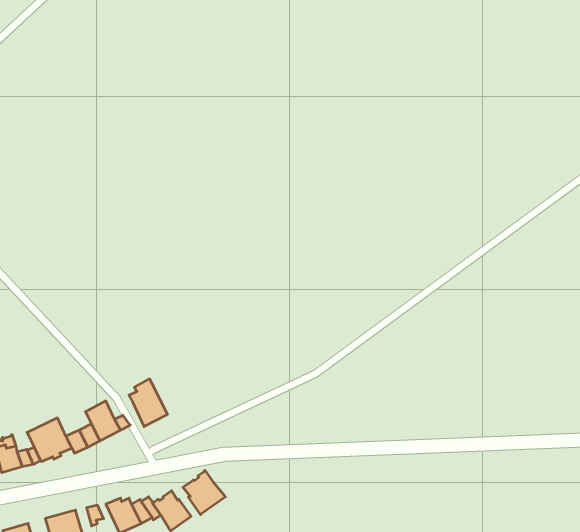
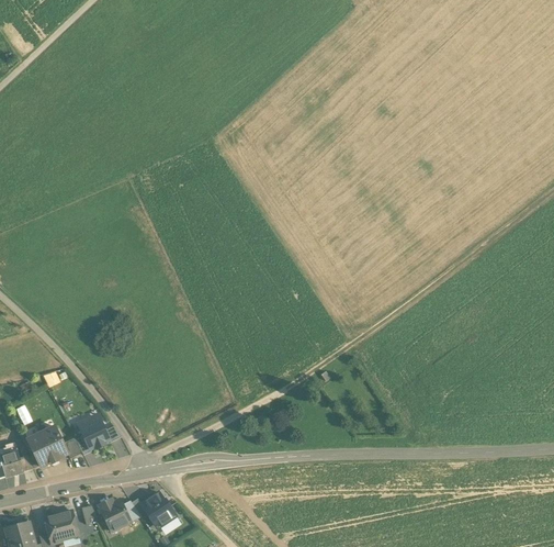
building: [129,379,167,427] -> none
building: [183,470,225,515] -> none

